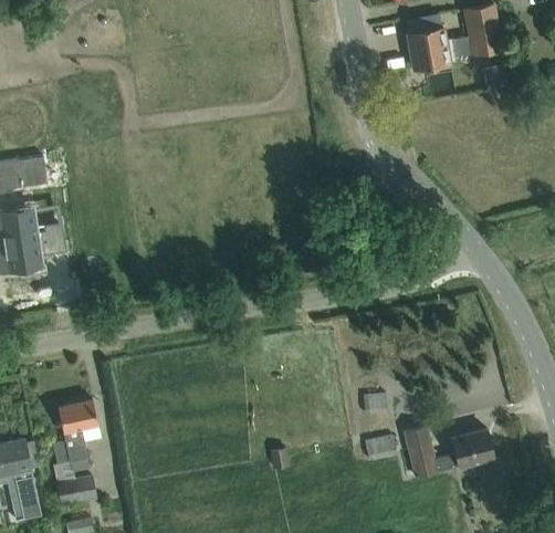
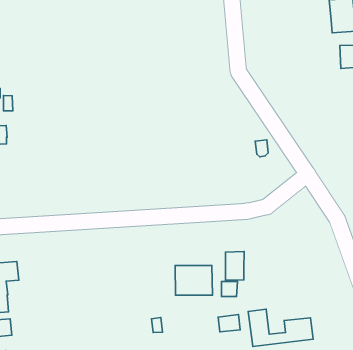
building: [406,25,460,70] -> none
building: none -> [226,252,244,280]
building: none -> [175,266,212,295]

